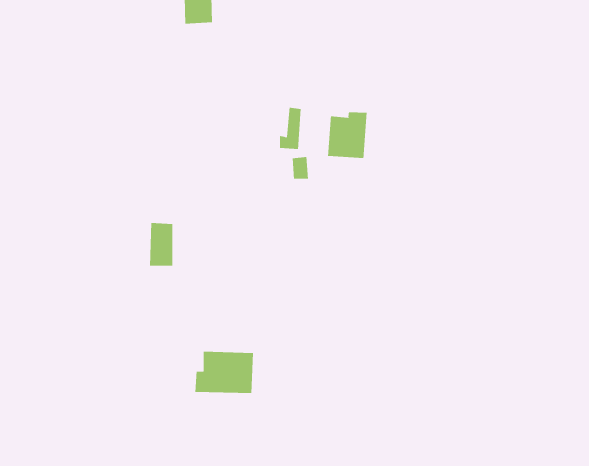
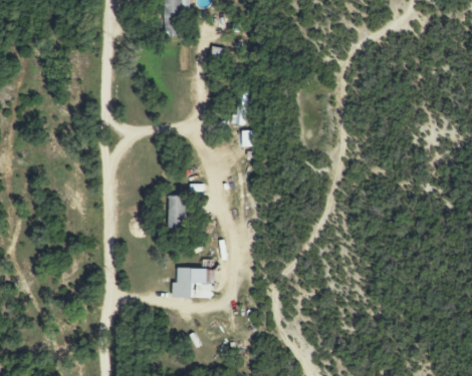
building: [328,112,367,159] -> none
building: [149,222,173,266] -> [168,194,185,225]

